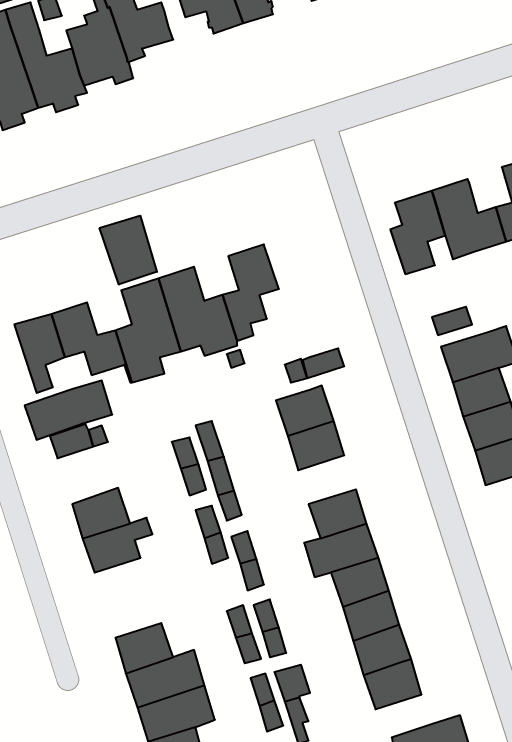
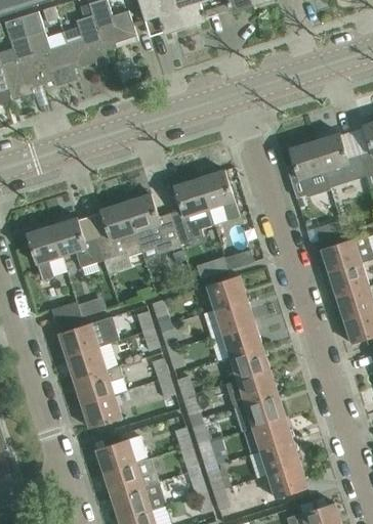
building: [100,216,157,285] -> none
building: none -> [199,170,239,221]
building: [25,380,112,440] -> [58,316,119,357]
building: none -> [222,323,262,357]
building: none -> [82,394,122,429]

